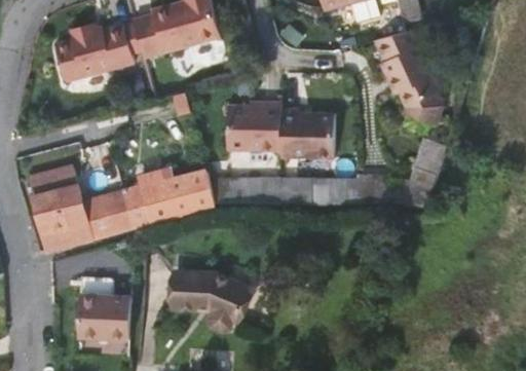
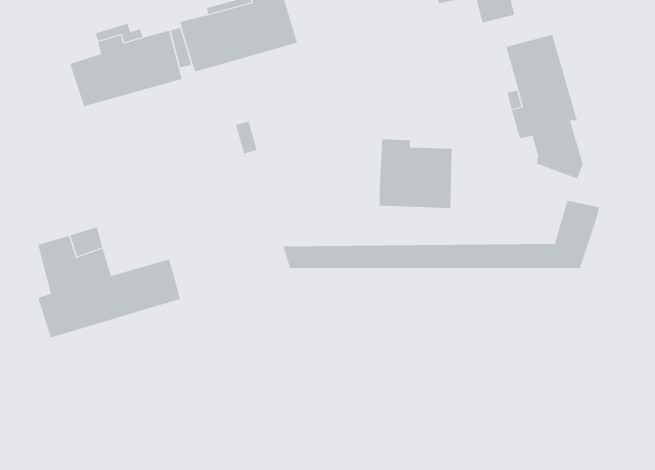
building: [224,102,281,149] -> none
building: [124,172,214,224] -> none
building: [174,269,267,334] -> none
building: [81,294,132,338] -> none

